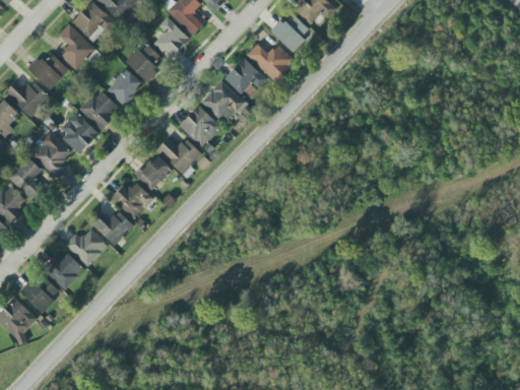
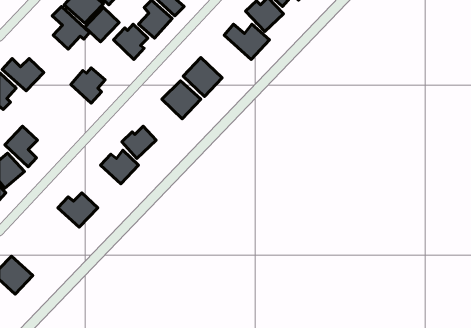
building: [27,53,69,90] -> none
building: [224,57,267,94] -> none
building: [106,68,143,106] -> [85,8,119,42]
building: [58,112,100,153] -> none
building: [30,131,71,179] -> none
building: [156,138,202,175] -> none
building: [88,210,134,246] -> none
building: [44,253,85,289] -> none
building: [20,277,60,312] -> none

